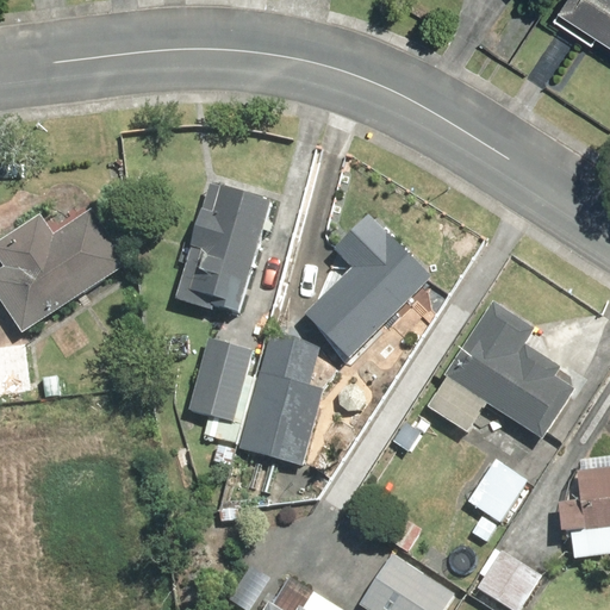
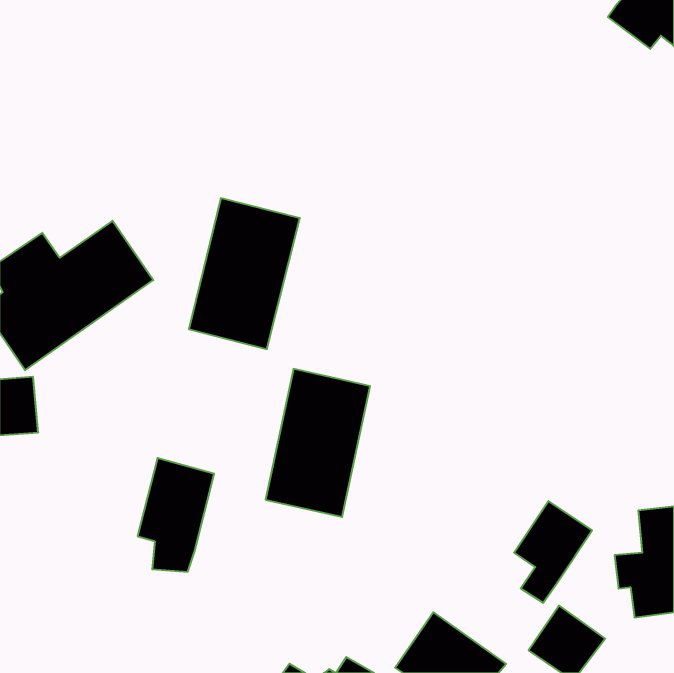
building: [300,211,438,362] -> none
building: [424,299,573,442] -> none
building: [188,340,257,442] -> [138,458,214,572]

